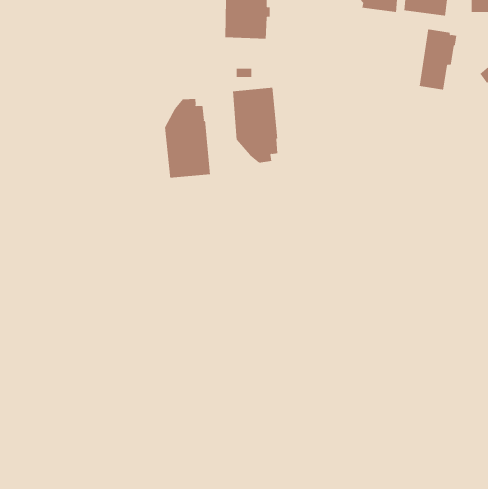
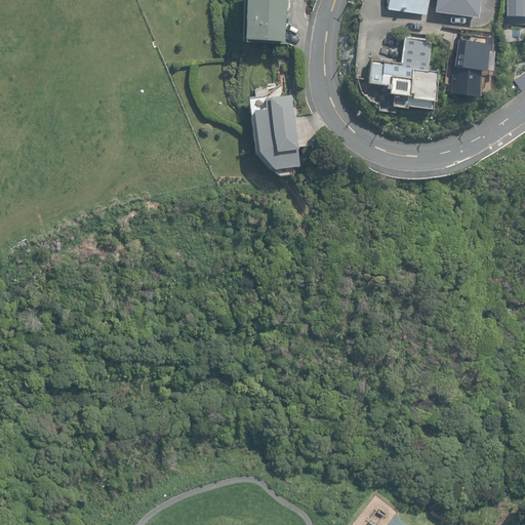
building: none -> [370,35,441,109]
building: [164,98,210,179] -> none

